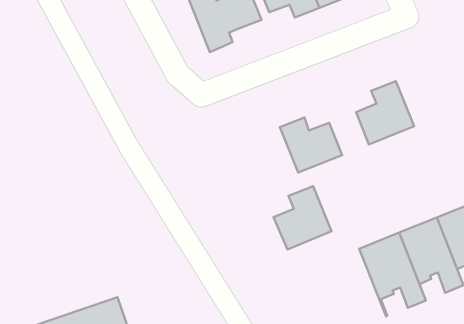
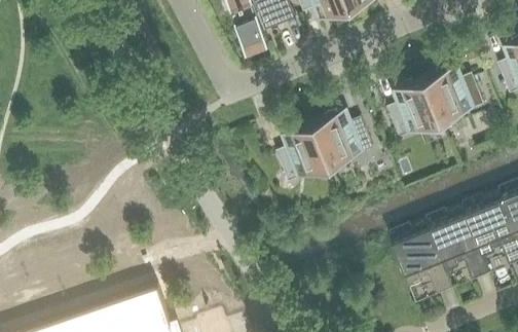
building: none -> [425,69,485,121]
building: [273,186,332,250] -> [276,122,332,183]

